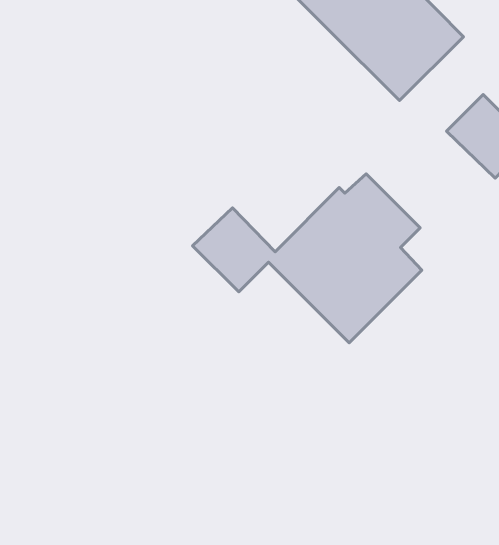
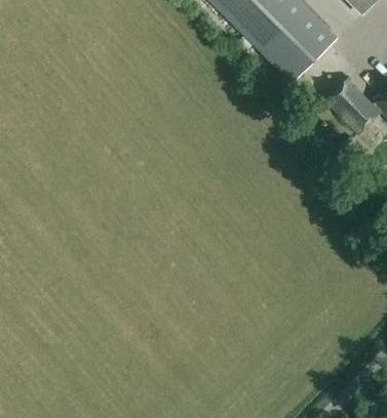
building: [193,174,422,343] -> none

